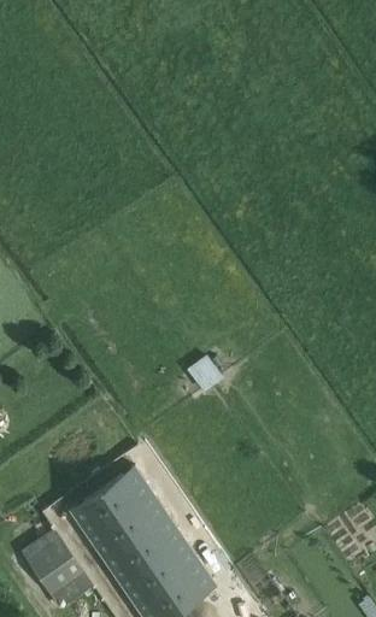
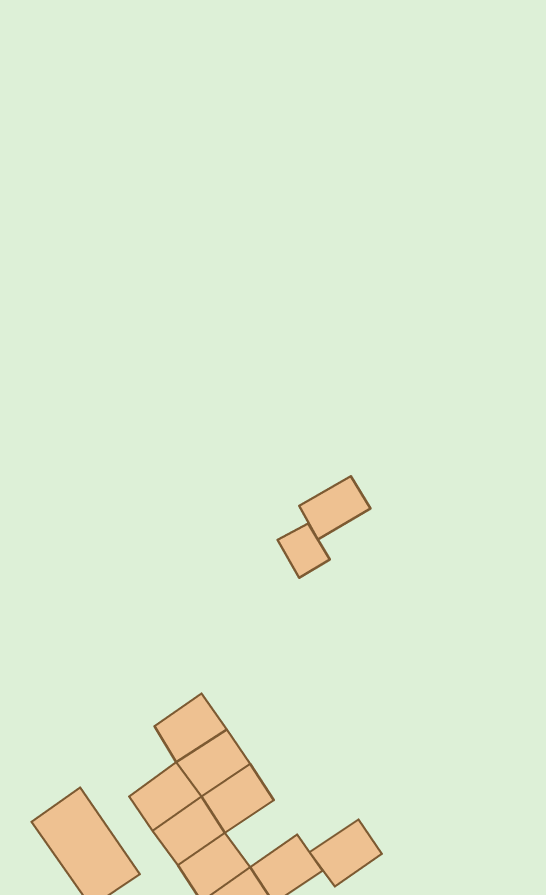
building: none -> [299,476,371,540]
building: [70,489,118,536] -> none
building: [151,539,199,583] -> [310,820,382,886]

